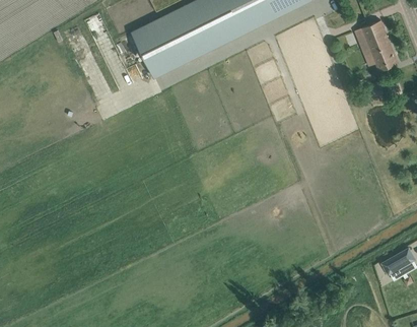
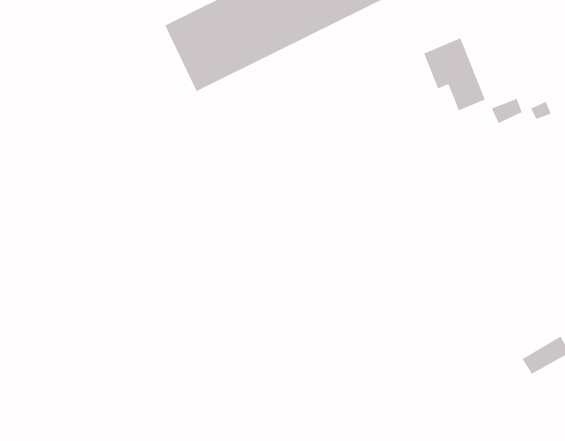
building: [354,20,398,72] -> [423,37,486,111]

